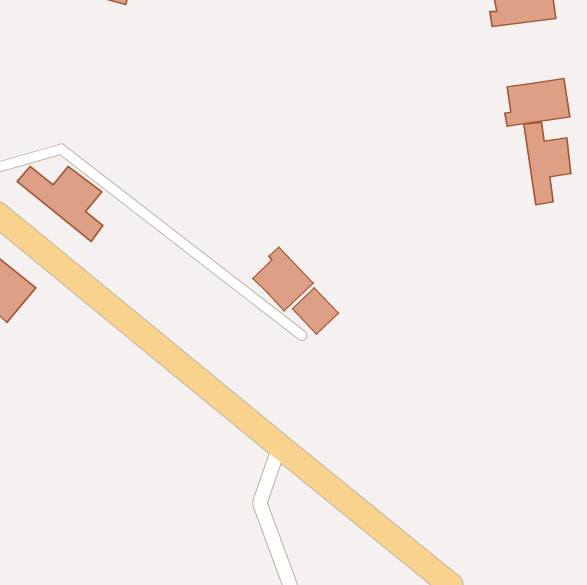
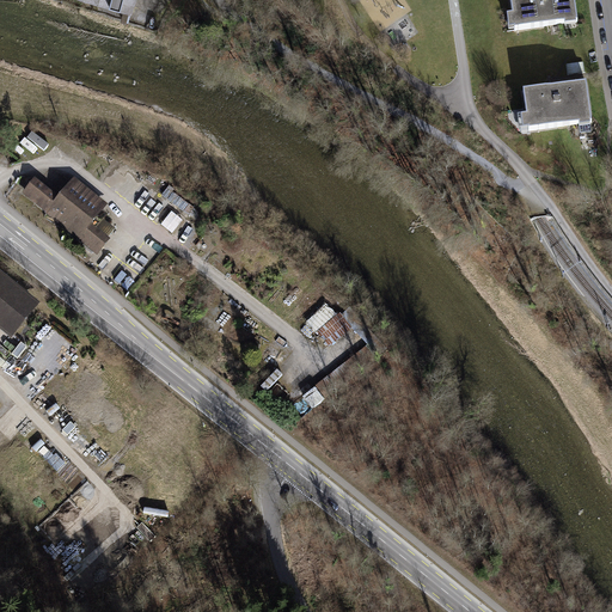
building: [524,122,571,205] -> none
building: [253,247,313,311] -> none

